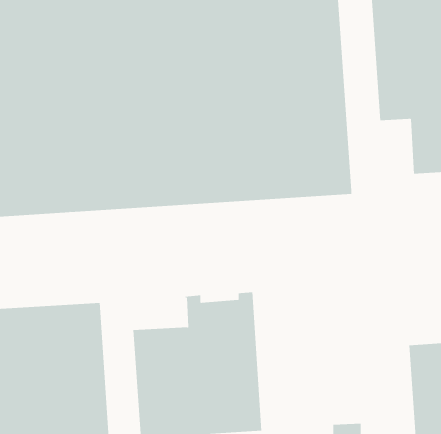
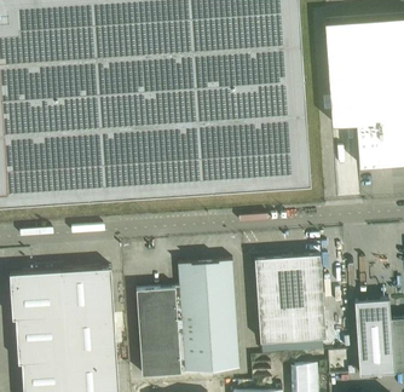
building: none -> [254,255,325,344]

